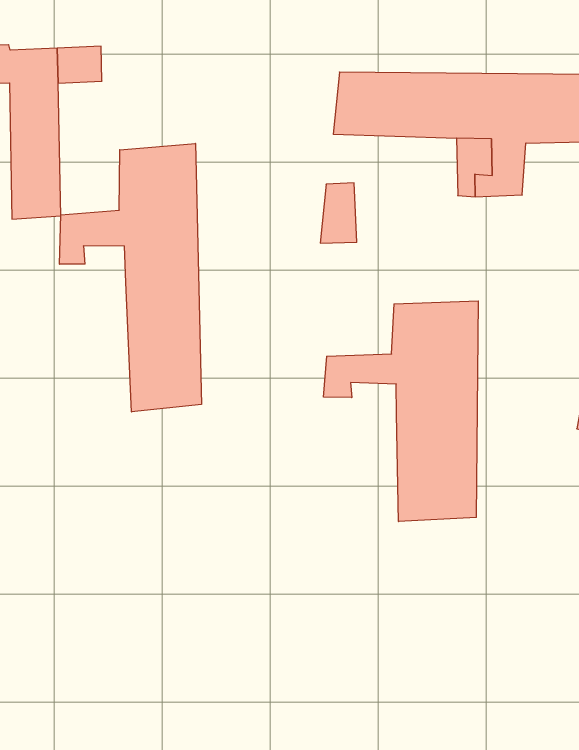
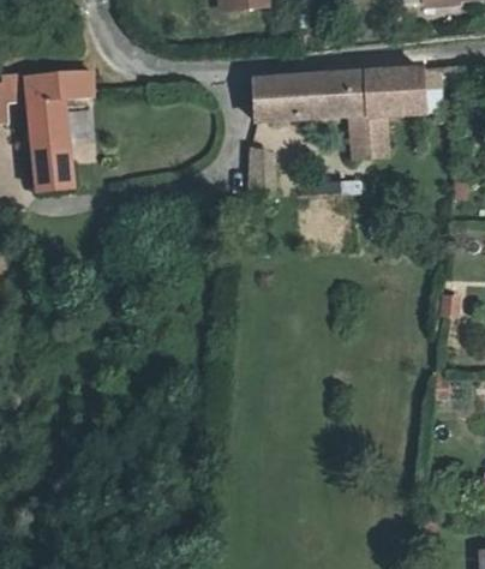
building: [60,143,201,412] -> none
building: [324,301,478,522] -> none

